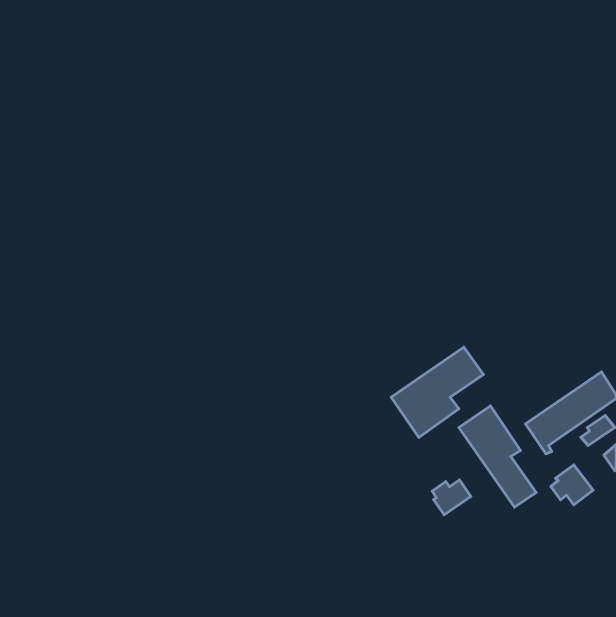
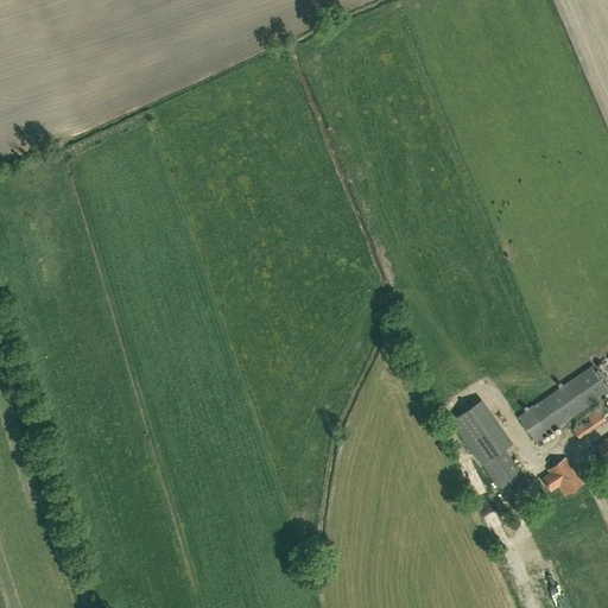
building: [391,347,483,438] -> none
building: [432,480,471,515] -> none

